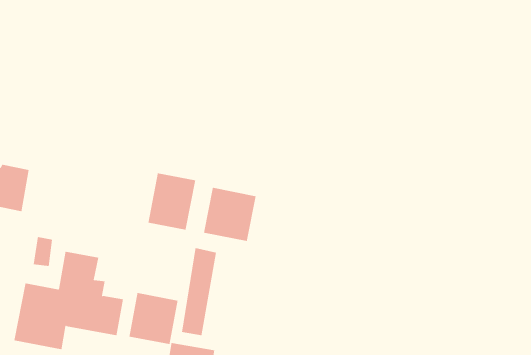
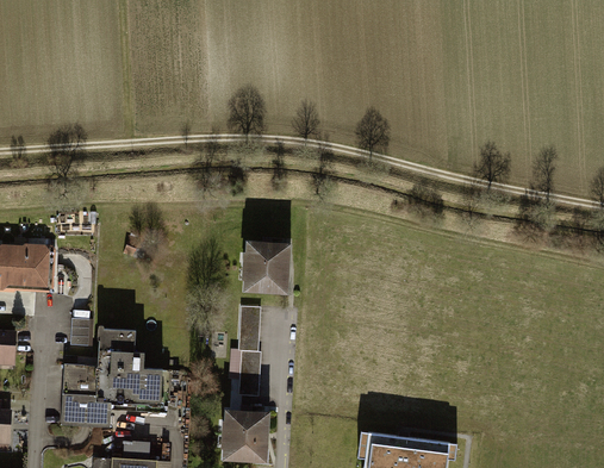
building: [148,172,196,230] -> none
building: [129,292,178,345] -> none

